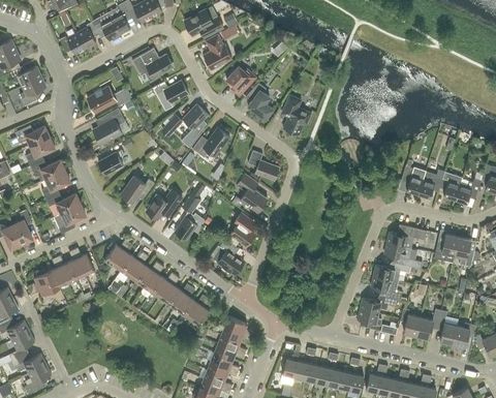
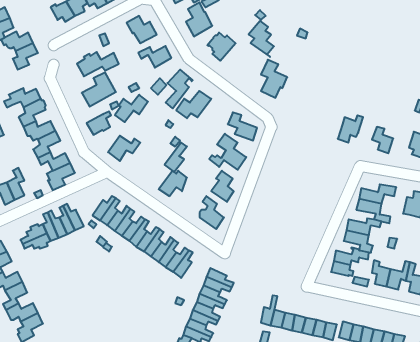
building: [246,83,273,121] -> [249,21,274,57]
building: [419,170,445,198] -> [338,115,363,143]
building: [147,190,182,219] -> [115,95,148,122]

